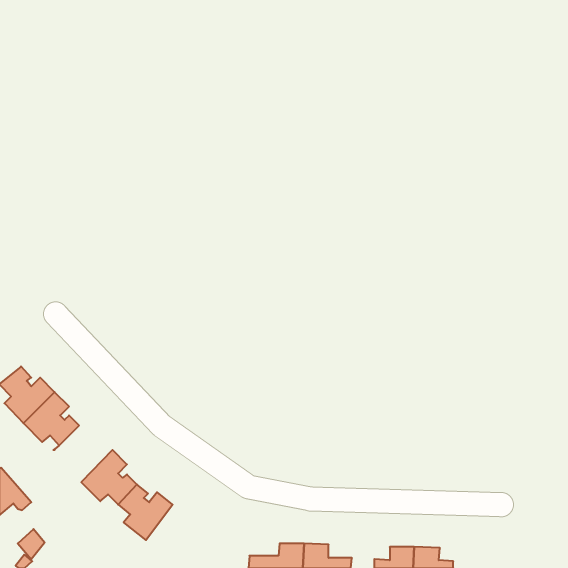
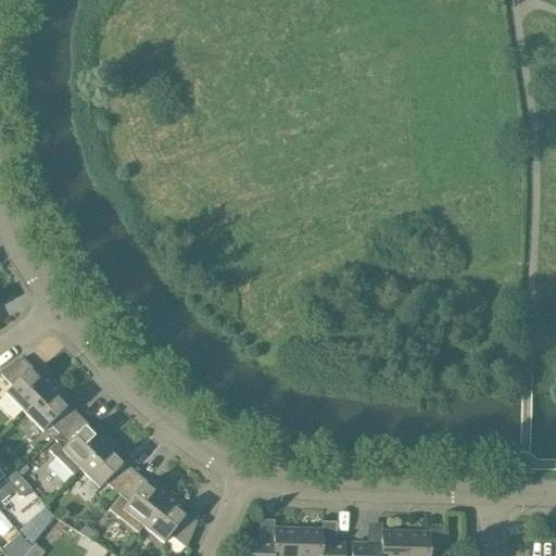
building: none -> [48,415,110,476]
building: none -> [142,492,195,548]

